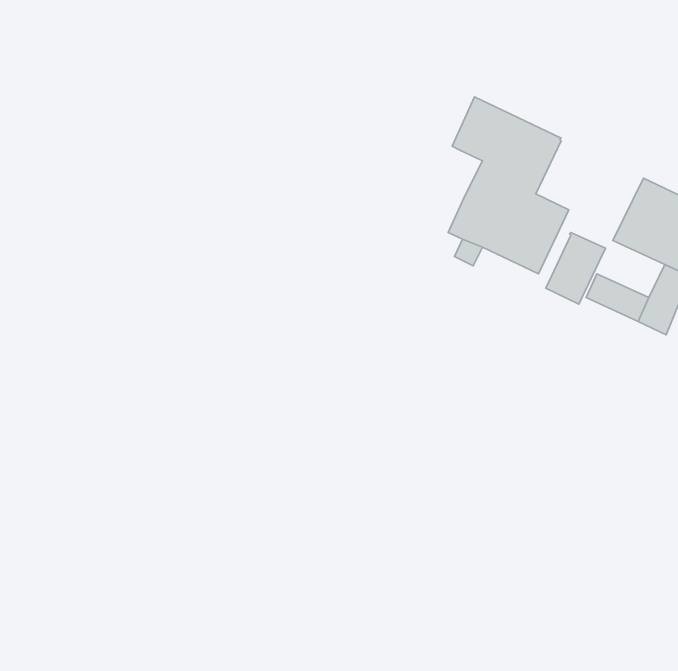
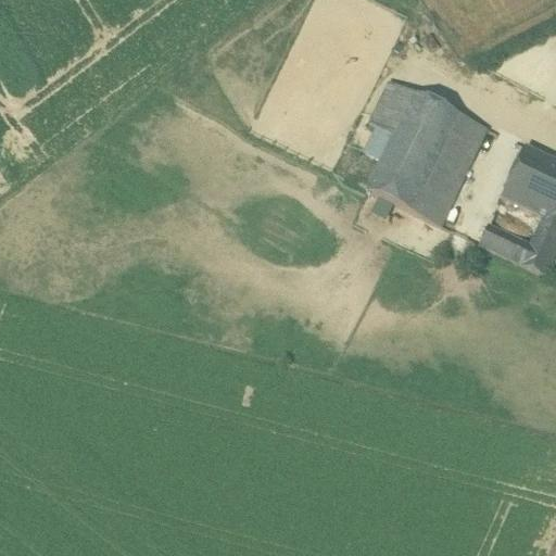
building: none -> [364,123,395,160]
building: [546,232,606,304] -> [439,113,488,172]

